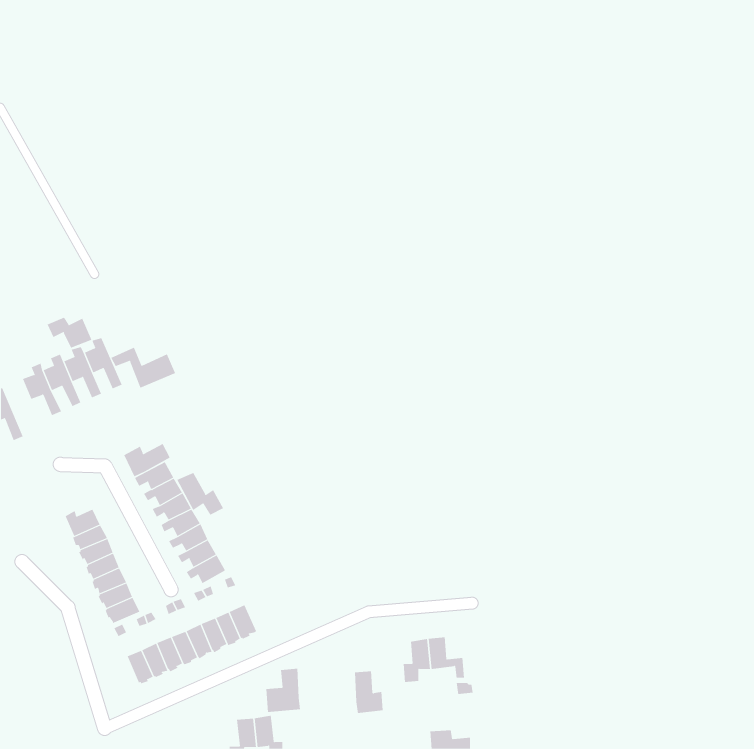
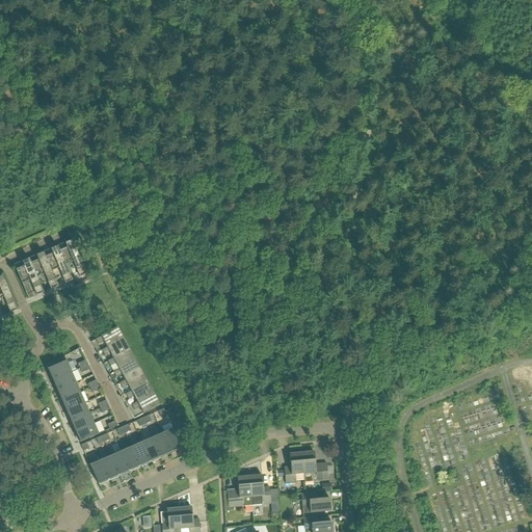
building: [47,317,92,348] -> none
building: [110,347,176,389] -> none
building: [123,443,170,477] -> none
building: [177,472,224,515] -> none
building: [266,668,301,712] -> [227,474,251,505]
building: none -> [300,491,330,511]

